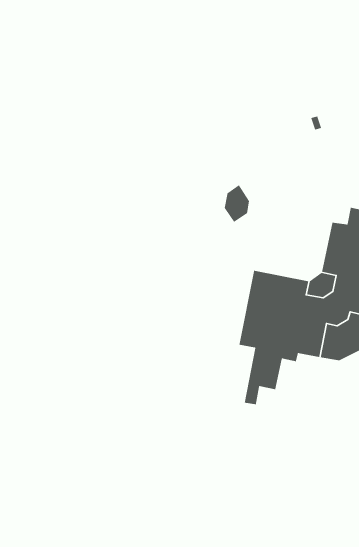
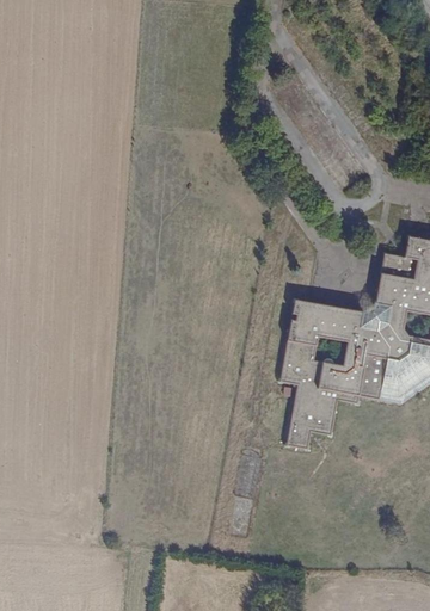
building: [224,184,250,223] -> none

